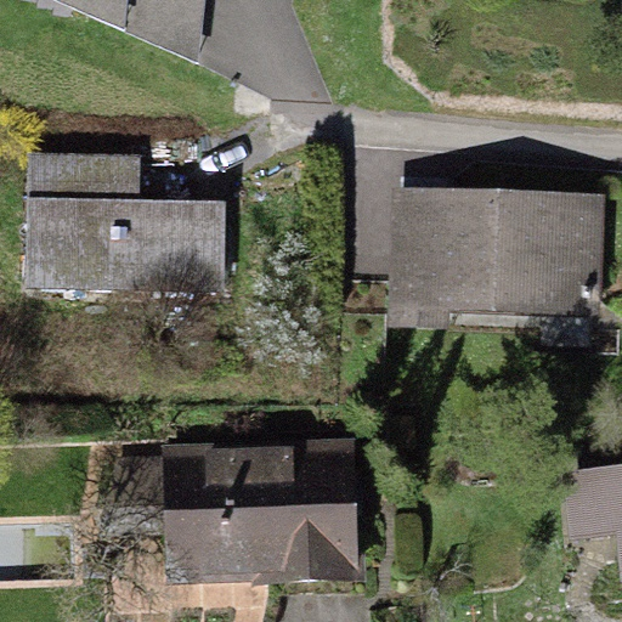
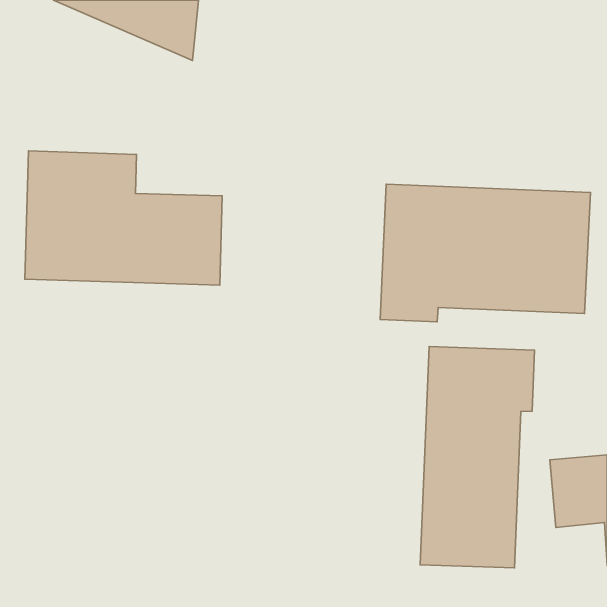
building: none -> [420,346,535,568]
building: [160,437,361,587] -> none

